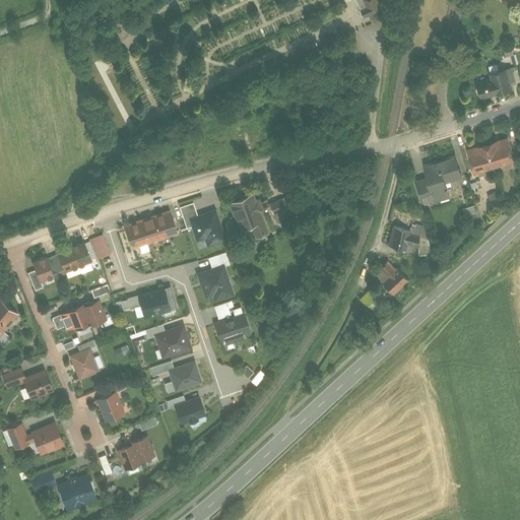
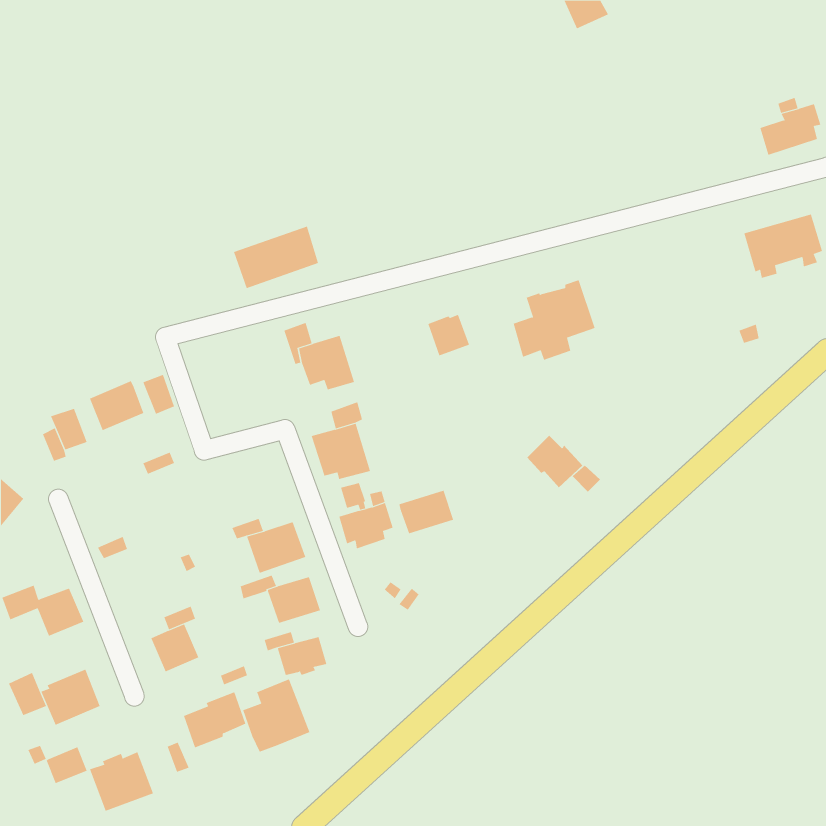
building: [415,152,467,203] -> [513,280,595,361]
building: [228,194,269,239] -> none
building: [124,209,178,249] -> [233,226,319,289]
building: [387,228,419,253] -> none
building: [373,262,408,296] -> [526,435,583,488]
building: [139,287,177,318] -> none
building: [65,300,107,331] -> none
building: none -> [399,490,454,534]
building: [71,346,103,381] -> none
building: none -> [243,678,310,752]

